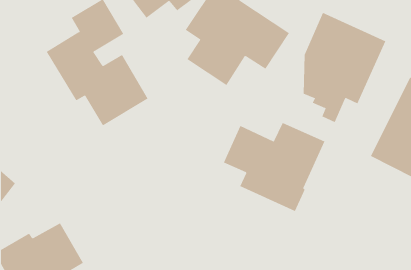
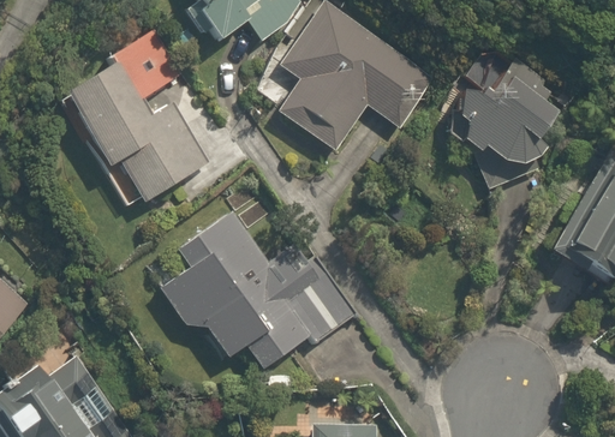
building: [223,122,325,212] -> none
building: none -> [156,206,352,377]

